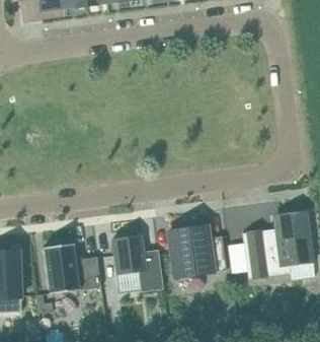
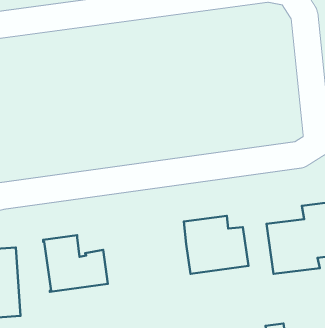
building: [111,235,163,292] -> none

